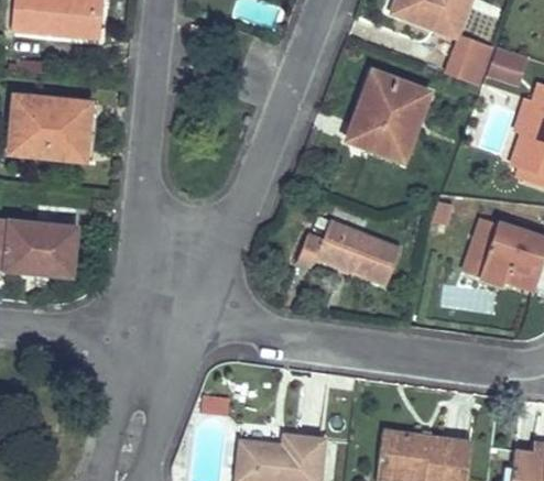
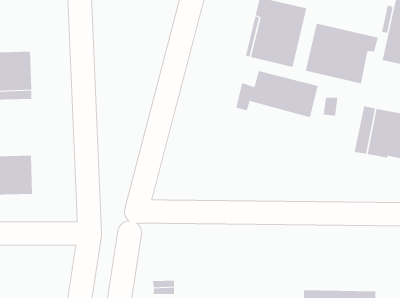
building: none -> [305,23,378,84]
building: [296,220,400,285] -> [235,70,319,118]

